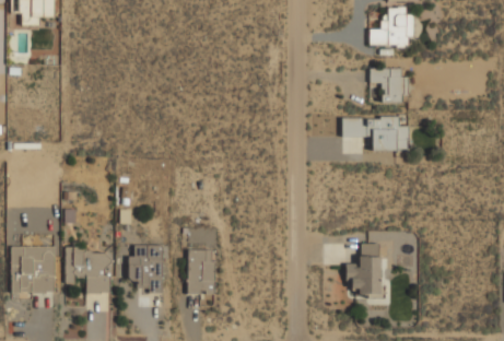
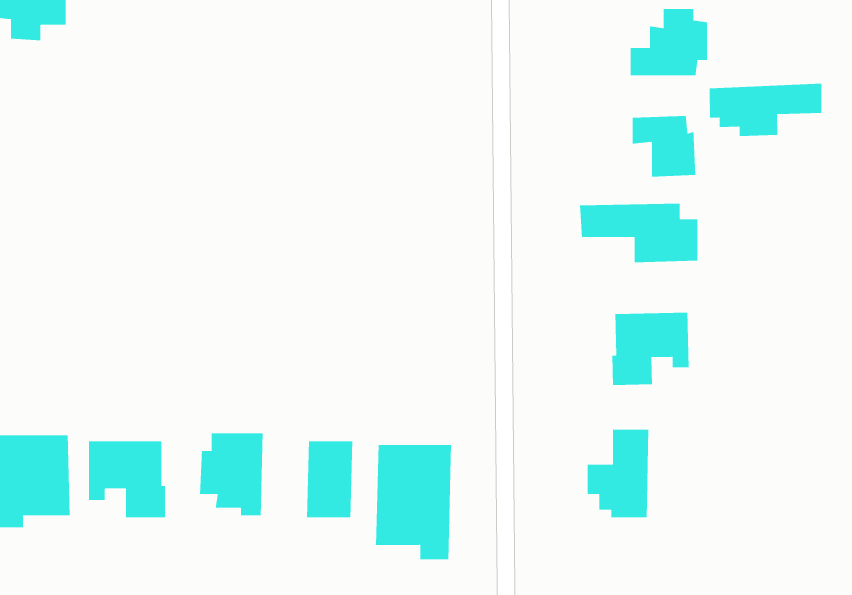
building: none -> [709,83,822,137]
building: none -> [611,312,689,386]
building: none -> [375,444,452,560]

